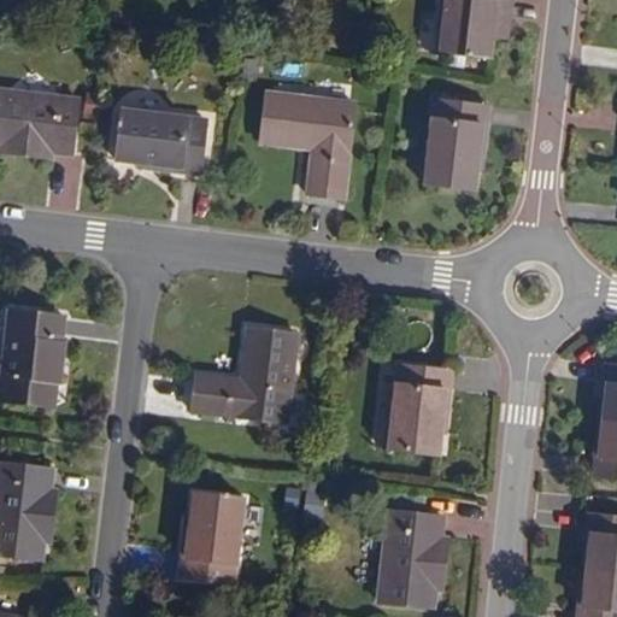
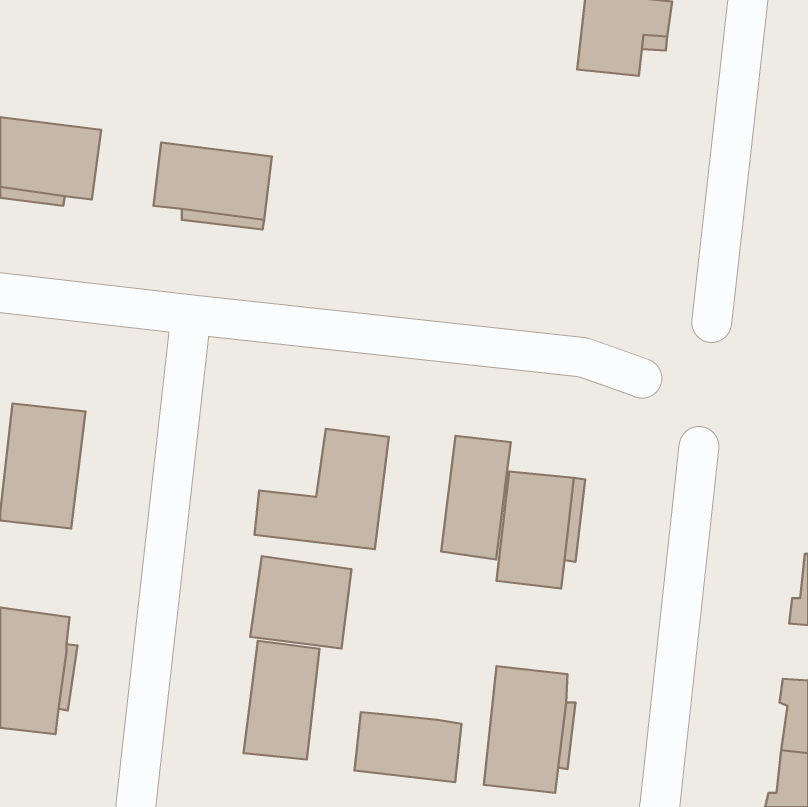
building: [259,92,353,196] -> none
building: [424,99,481,189] -> none
building: none -> [441,436,511,559]
building: none -> [250,556,352,648]
building: none -> [354,712,462,782]

